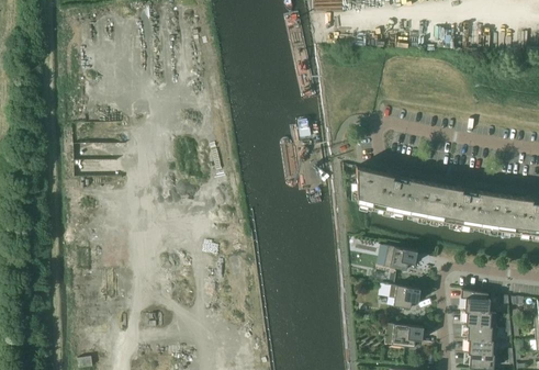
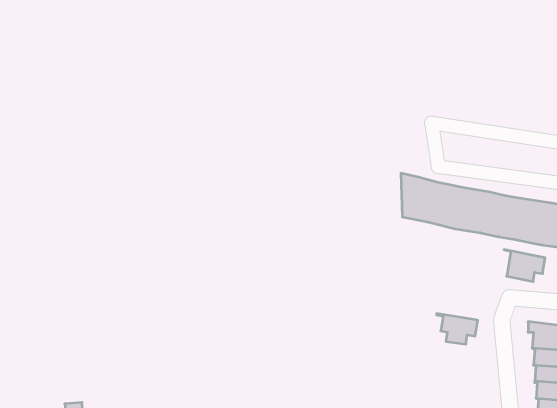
building: [383,244,417,270] -> [504,250,545,282]
building: [385,322,424,346] -> none

